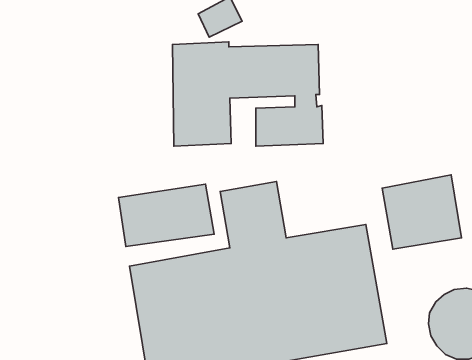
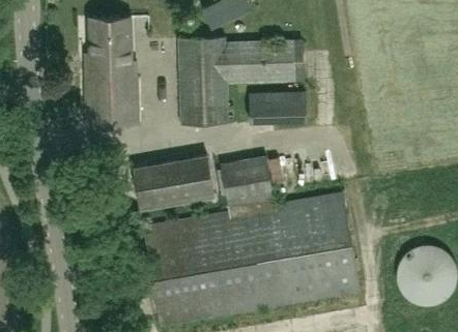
building: none -> [86,16,138,126]
building: [382,175,461,249] -> none

